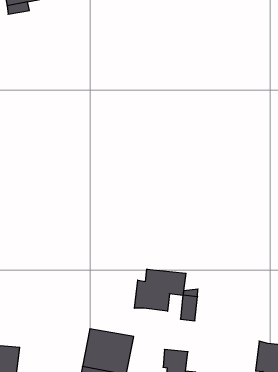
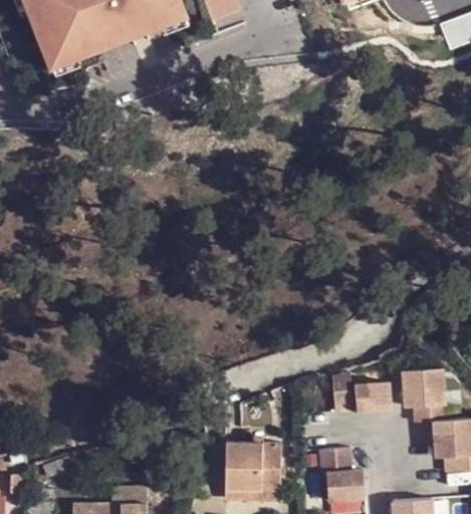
building: [134,269,186,311] -> none
building: none -> [402,368,444,423]
building: none -> [354,382,390,410]

